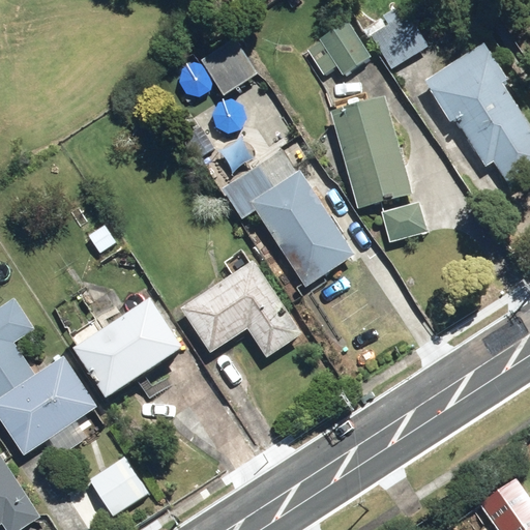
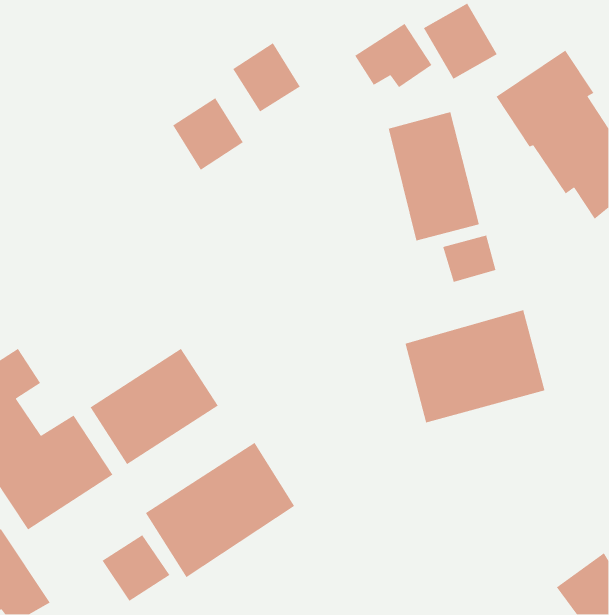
building: none -> [172,97,244,171]
building: [222,164,354,286] -> none
building: [181,260,303,358] -> none
building: none -> [405,309,545,423]
building: none -> [145,442,295,578]

